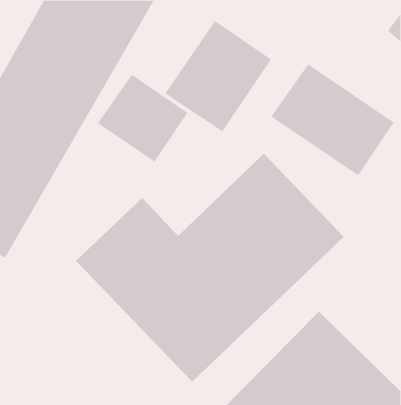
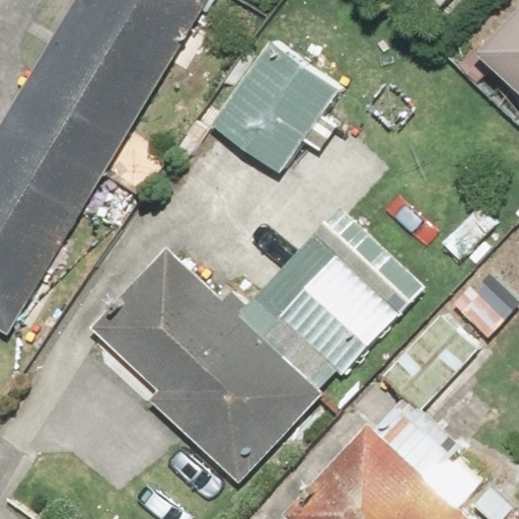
building: [271,63,394,176] -> none
building: [97,74,188,163] -> none

